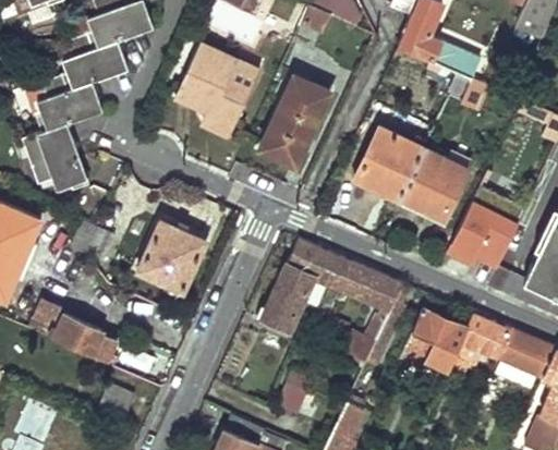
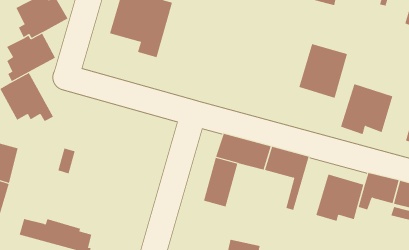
building: [262,77,332,170] -> none
building: [354,124,426,197] -> none
building: [138,223,207,293] -> none

